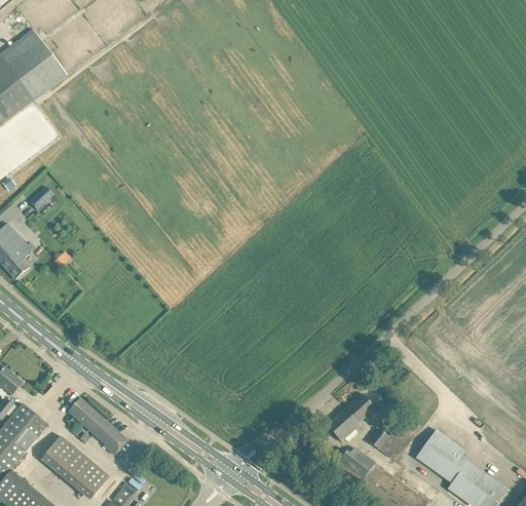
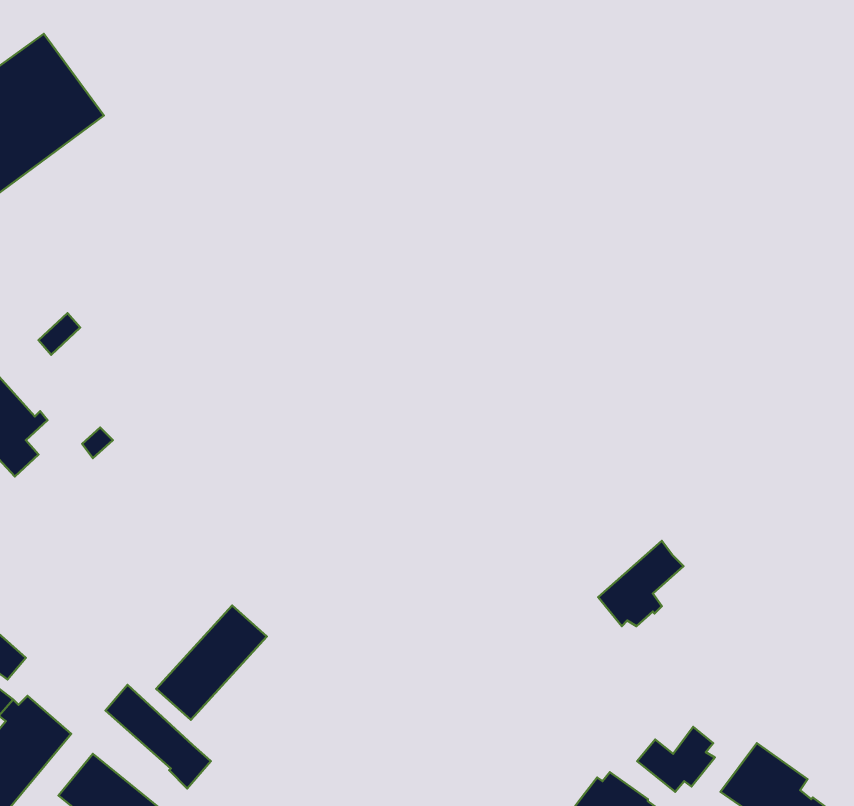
building: none -> [156,605,267,720]
building: [326,393,374,441] -> [598,541,684,626]

